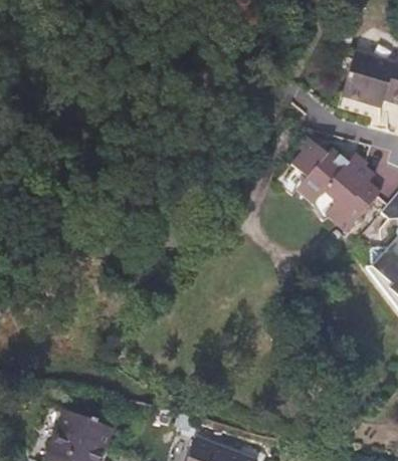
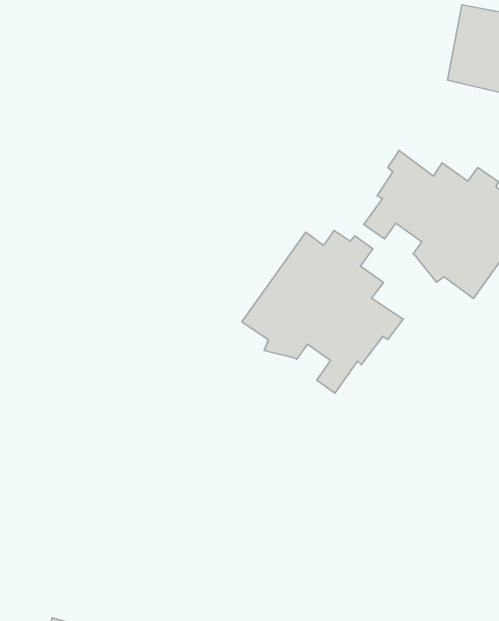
building: none -> [242,231,403,393]

